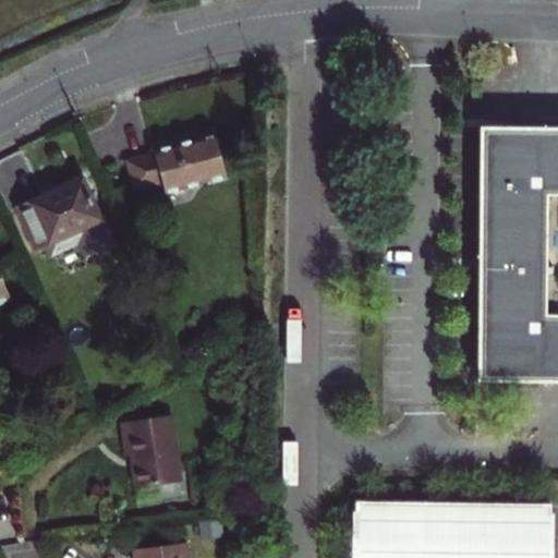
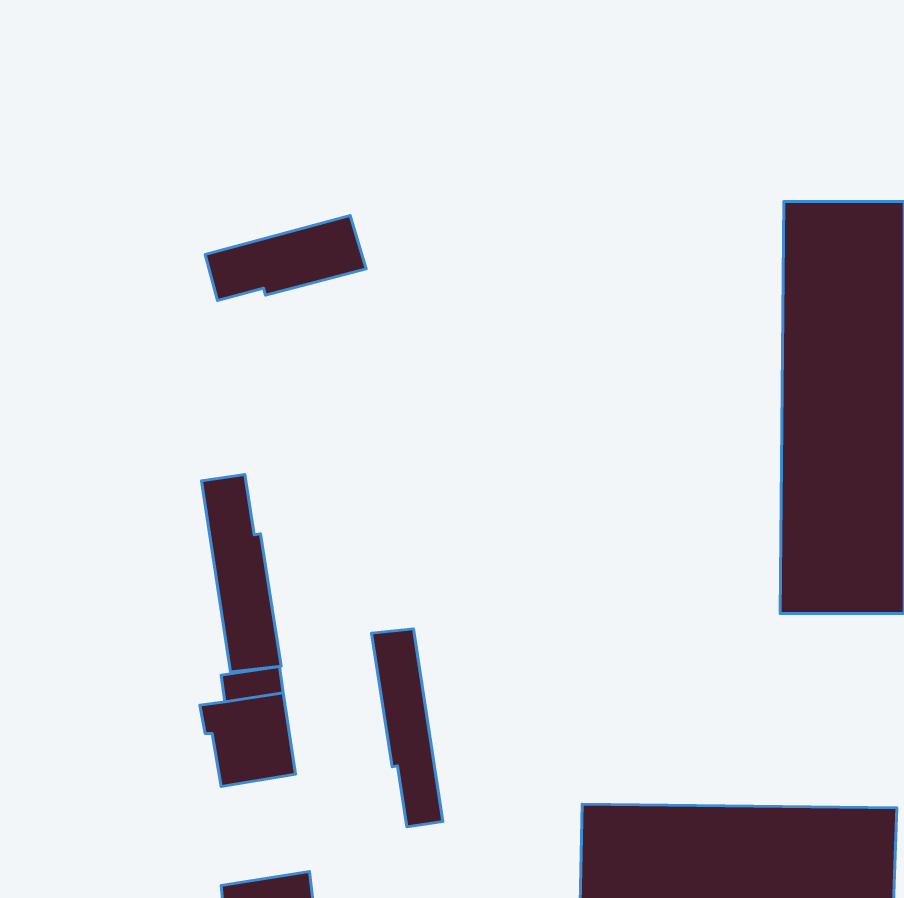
building: [16,178,111,255] -> none
building: none -> [202,474,281,672]
building: none -> [371,629,443,827]

